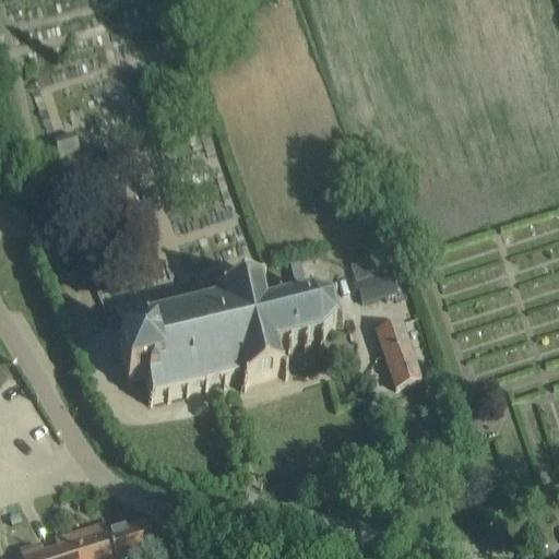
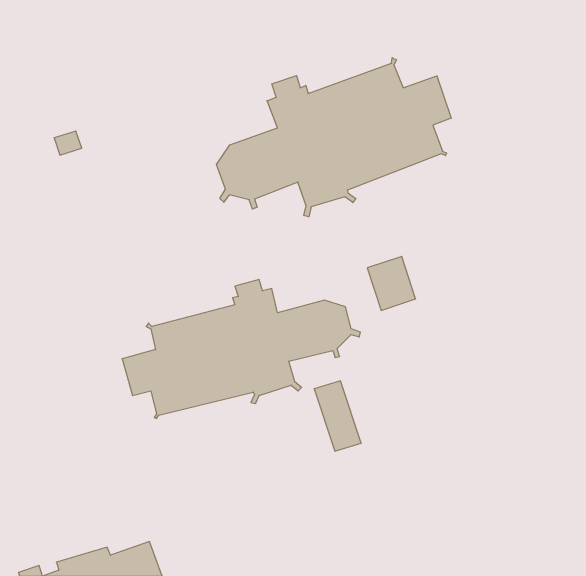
building: none -> [217,58,451,217]
building: [373,316,418,382] -> [314,381,361,451]

